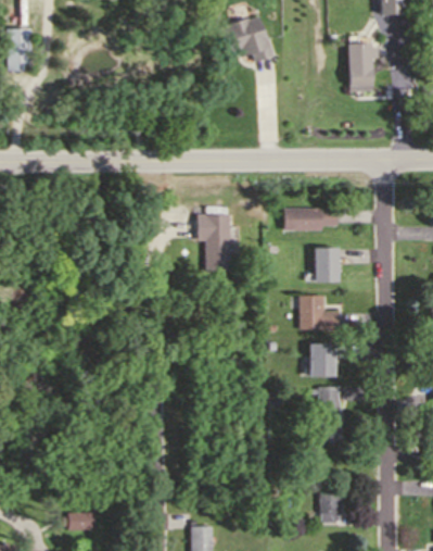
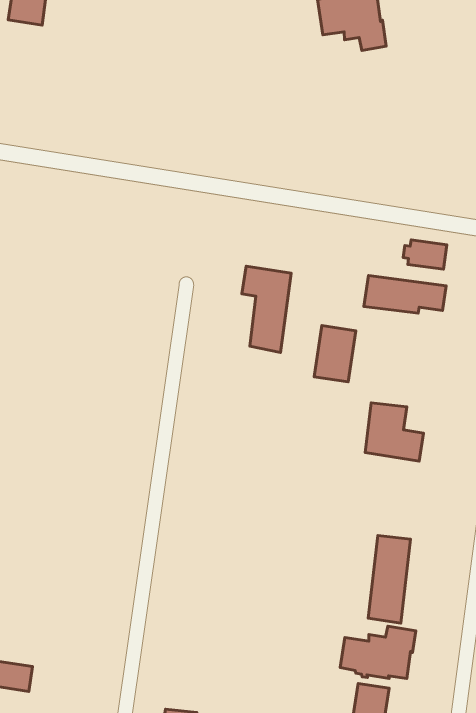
building: none -> [403,240,447,269]
building: [315,246,339,281] -> [314,326,356,382]
building: [309,343,334,376] -> none
building: none -> [340,626,416,679]

